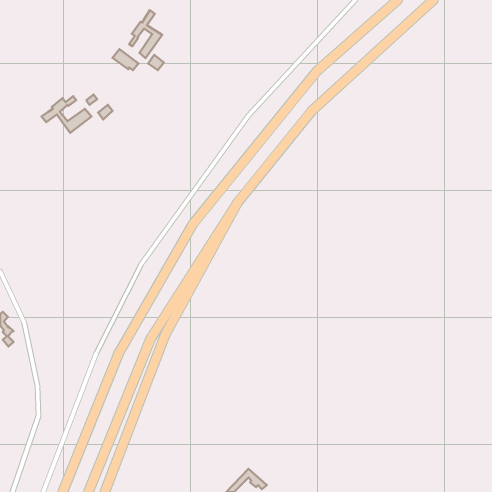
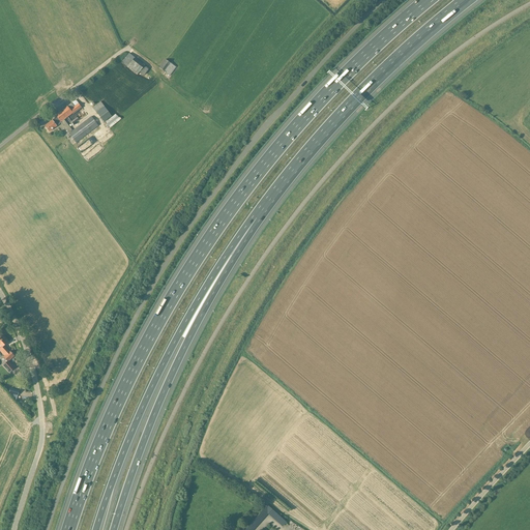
building: [129,10,162,58] -> none

